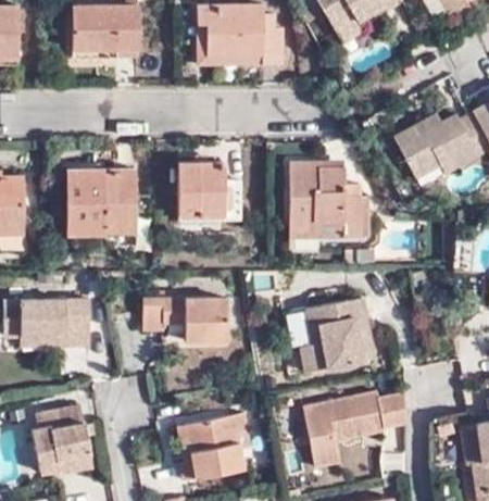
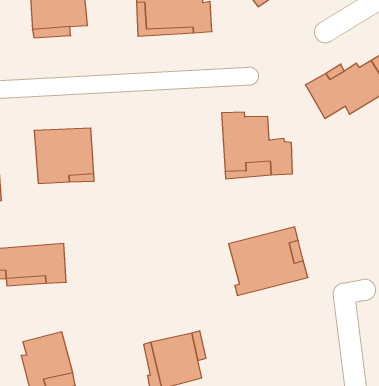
building: [177,162,240,220] -> none
building: [146,302,231,345] -> none
building: [308,394,410,468] -> none

